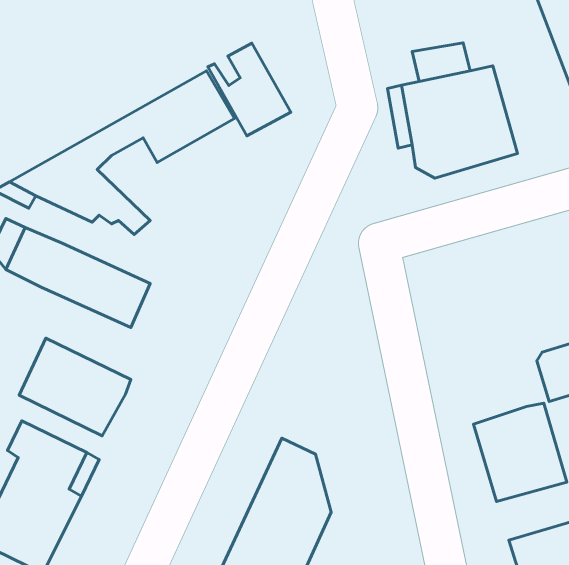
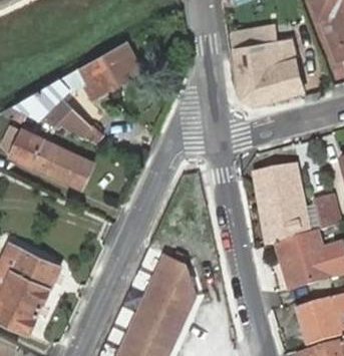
building: [208,43,291,136] -> none
building: none -> [255,166,306,246]
building: [19,338,131,436] -> none

